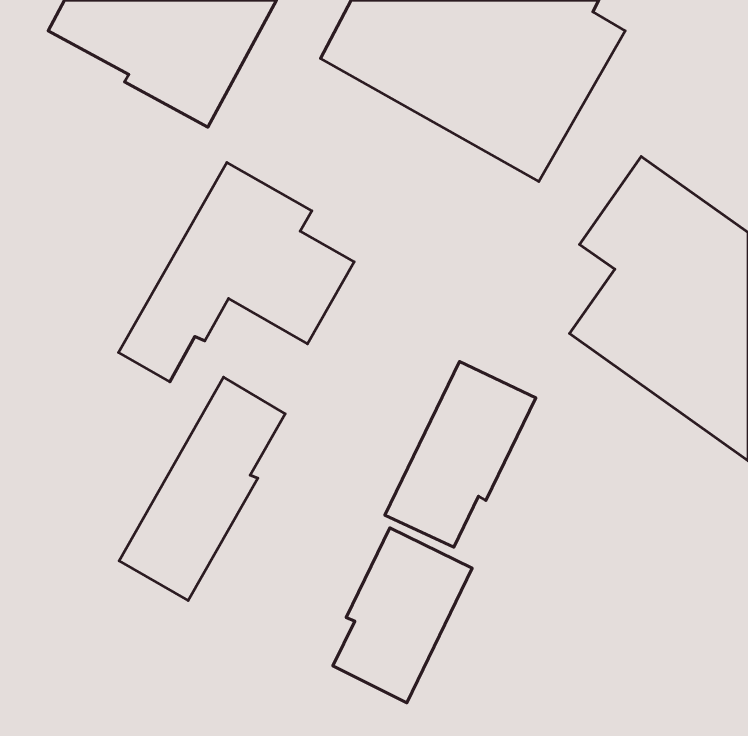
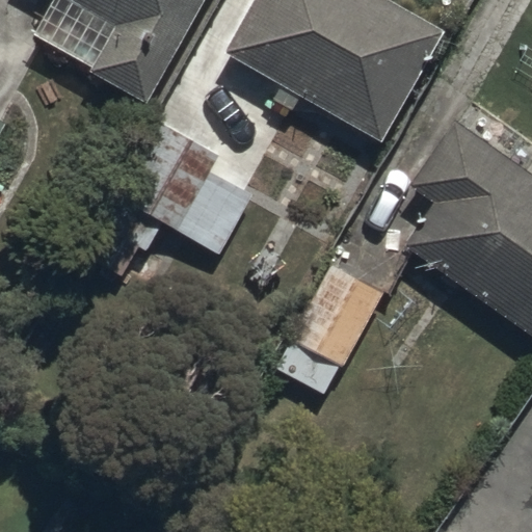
building: [119,377,285,601] -> none
building: [333,528,472,703] -> none

